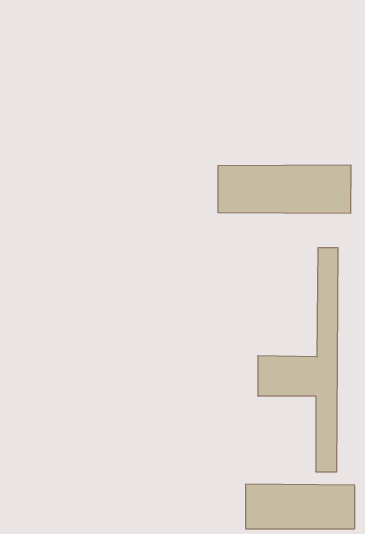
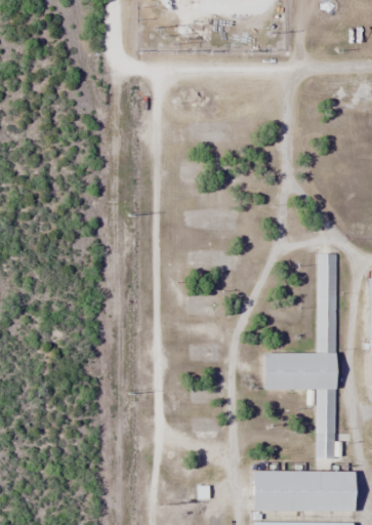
building: [218,165,351,213] -> none

